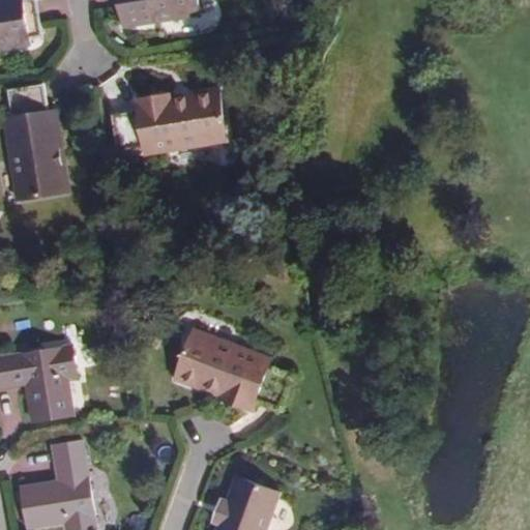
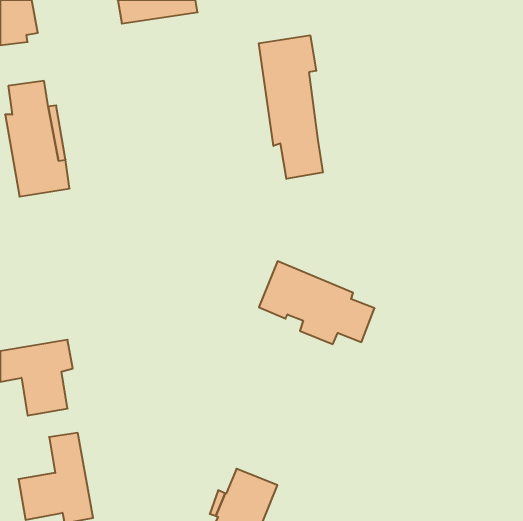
building: none -> [259,35,323,179]
building: [112,90,228,155] -> none
building: [173,327,290,411] -> [259,261,375,344]

